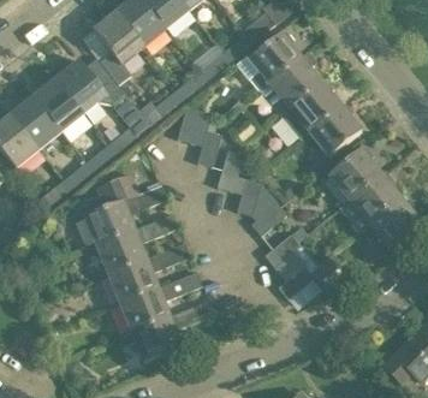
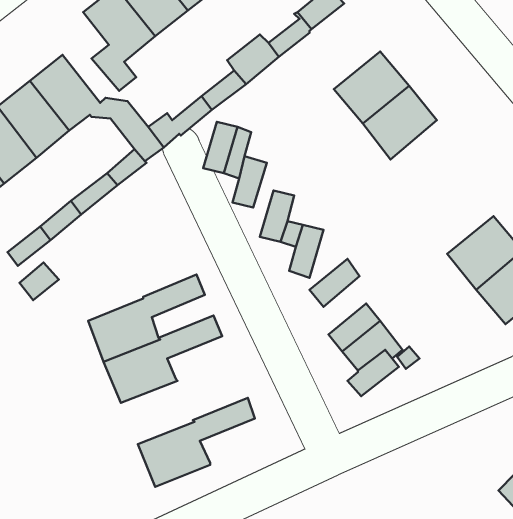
building: [248,31,301,90] -> none
building: [308,105,361,156] -> none
building: [327,148,380,198] -> none
building: [84,173,166,245] -> none
building: [119,271,202,332] -> none

